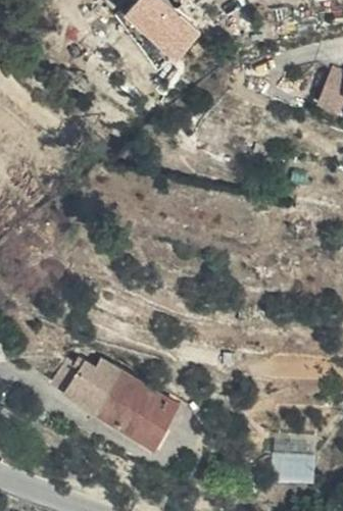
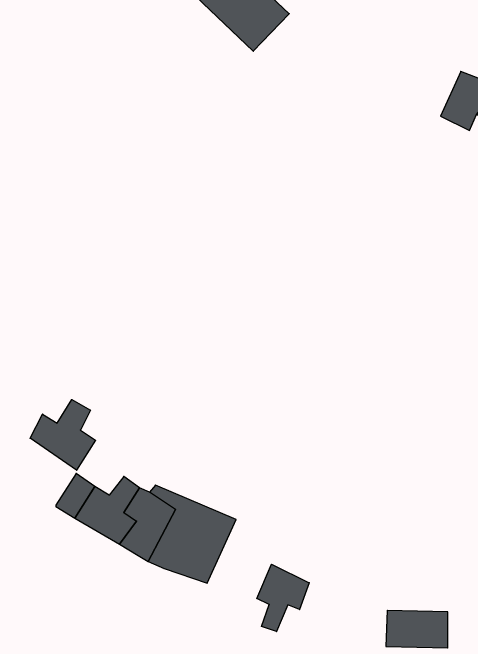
building: none -> [30,400,96,470]
building: none -> [257,564,309,632]

